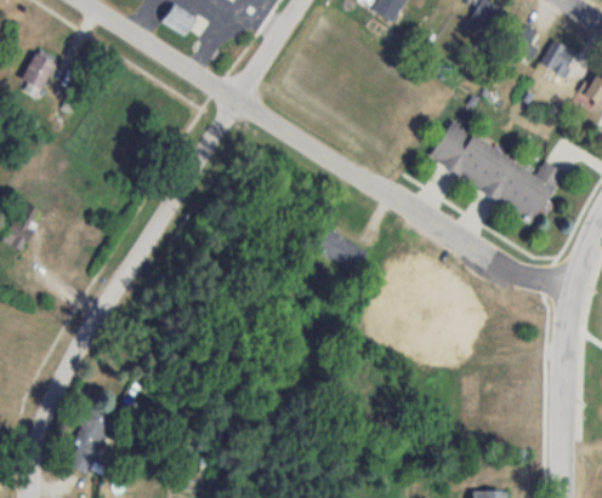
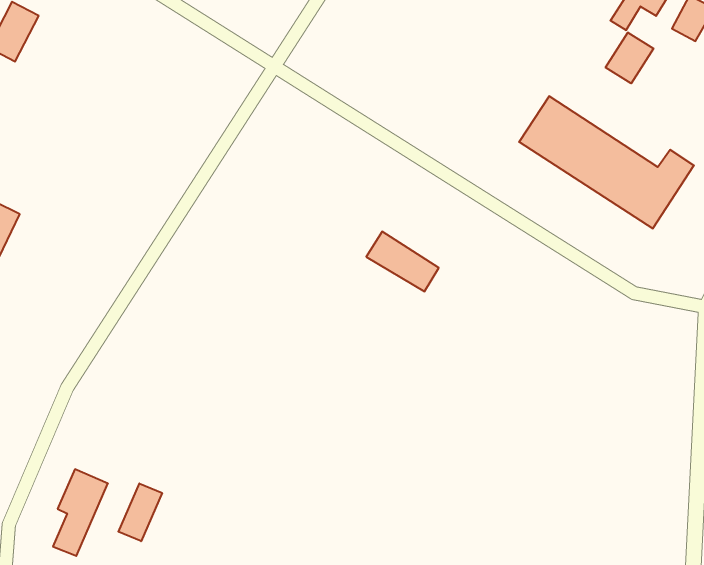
building: none -> [606,32,653,83]
building: none -> [118,483,162,541]

